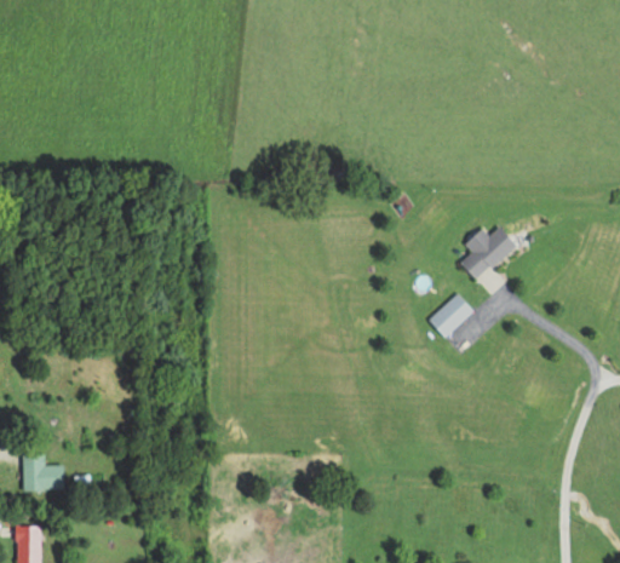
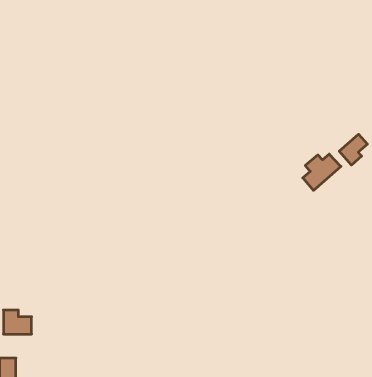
building: none -> [339,134,367,165]
building: [429,293,473,339] -> none

